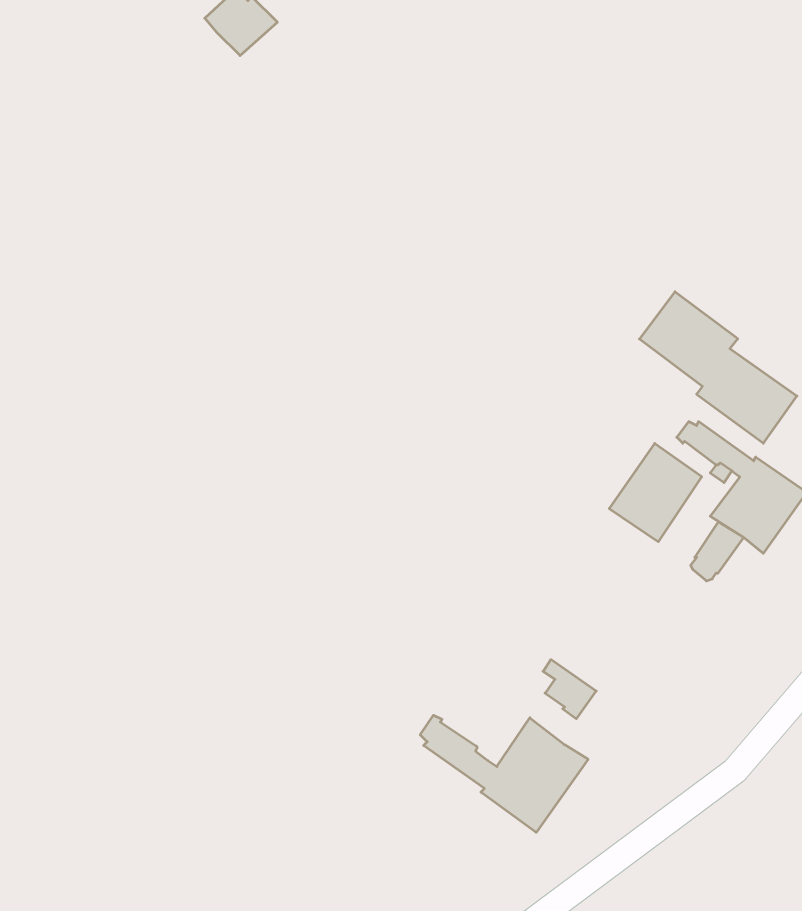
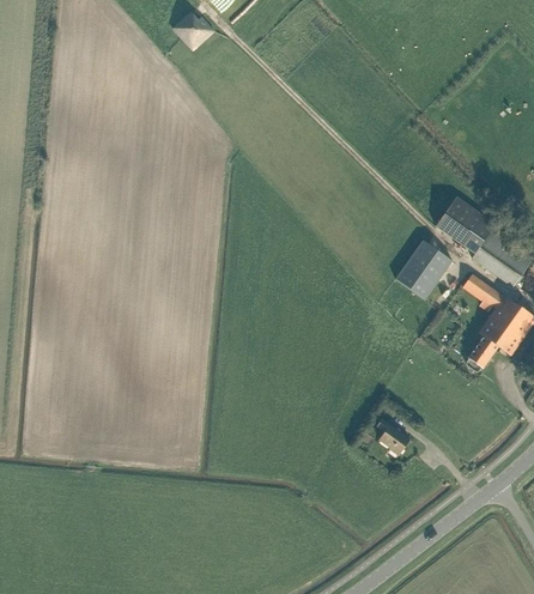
building: [609,443,702,542] -> [394,242,450,302]
building: [420,715,588,832] -> none

